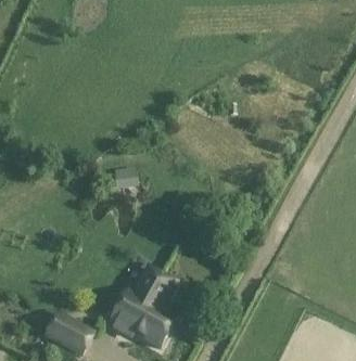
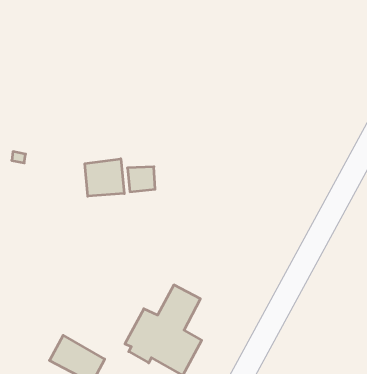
building: none -> [85,159,124,196]

